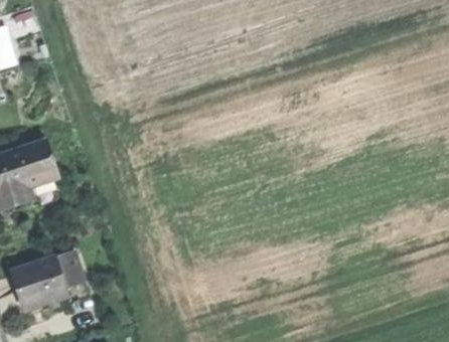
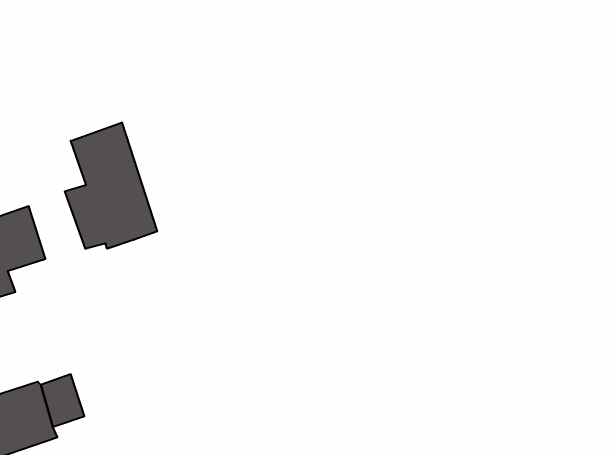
building: none -> [65,122,157,249]

